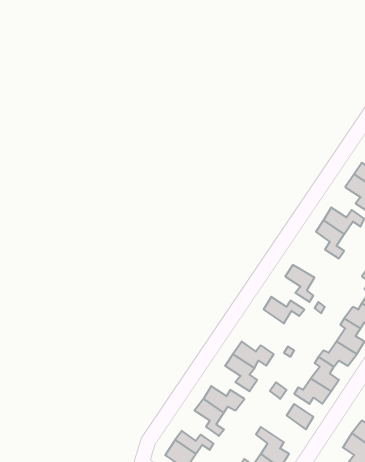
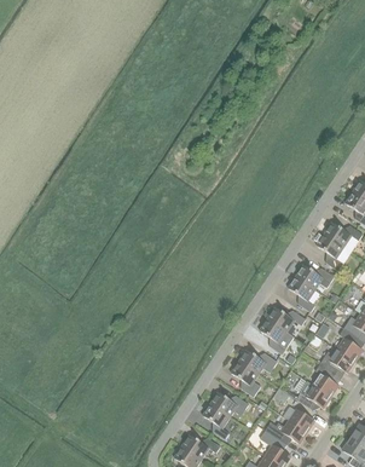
building: none -> [295,264,335,288]
building: none -> [259,318,294,353]
building: none -> [265,419,307,443]

